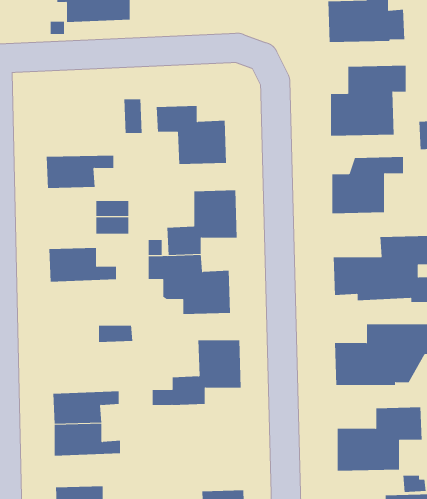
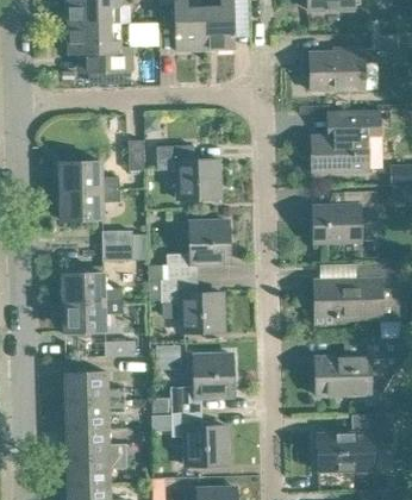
building: none -> [58,162,119,192]
building: none -> [62,301,121,332]
building: none -> [63,373,124,402]
building: none -> [170,412,227,465]
building: none -> [65,456,126,486]

